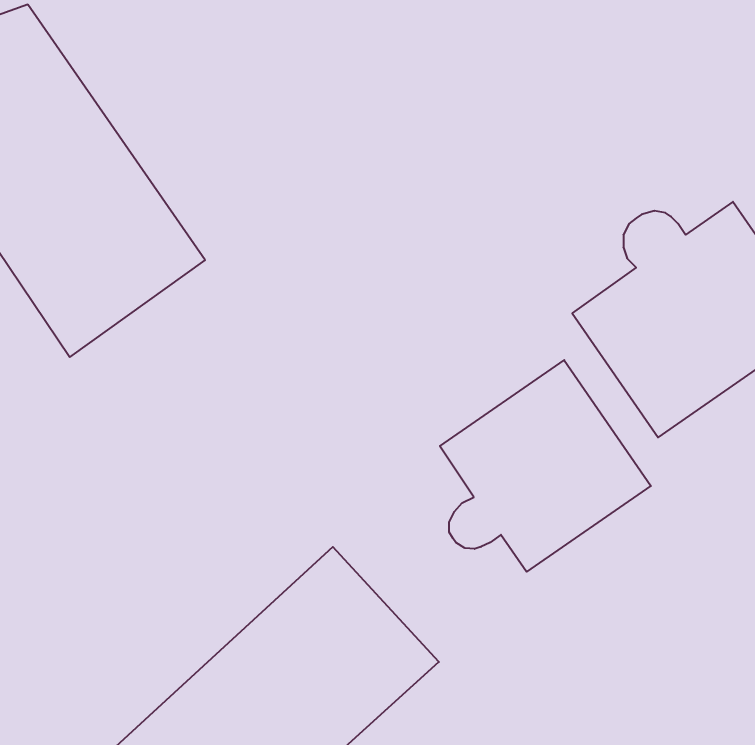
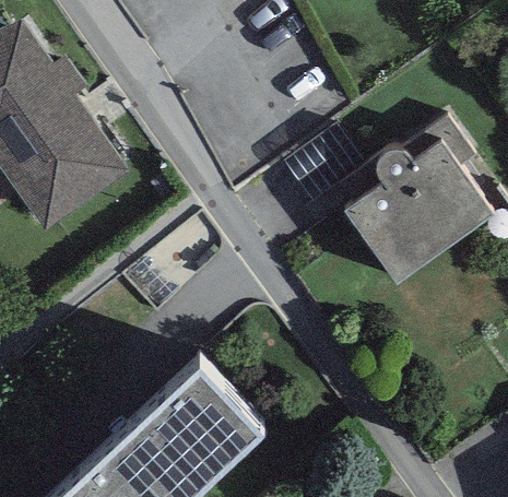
building: [440,360,651,572] -> none

